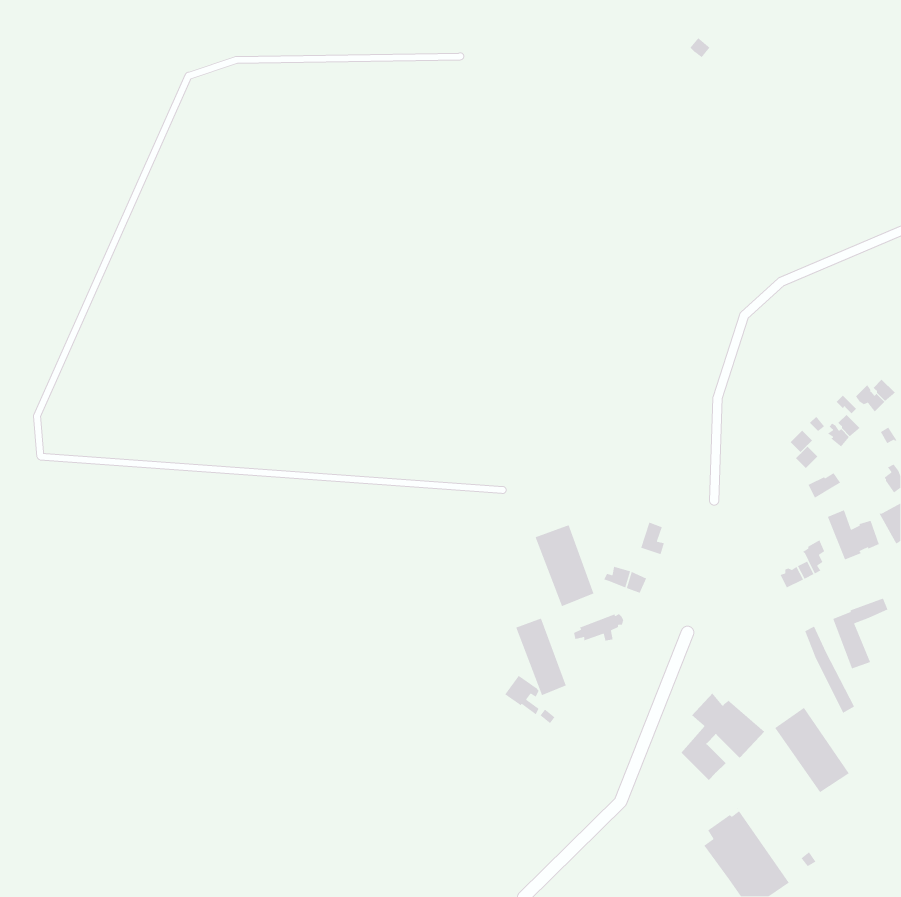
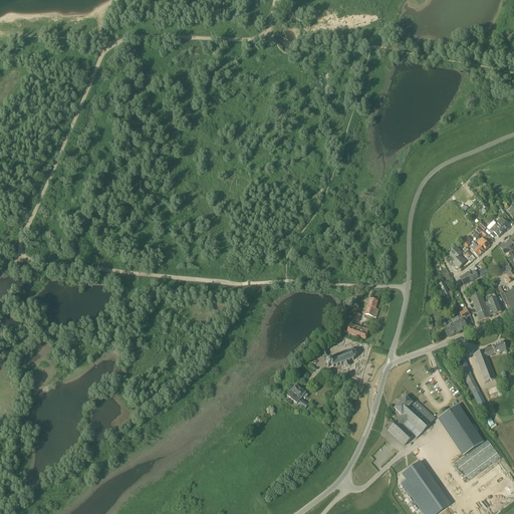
building: [535,524,594,607] -> none
building: [515,618,567,696] -> none
building: none -> [456,439,500,480]

